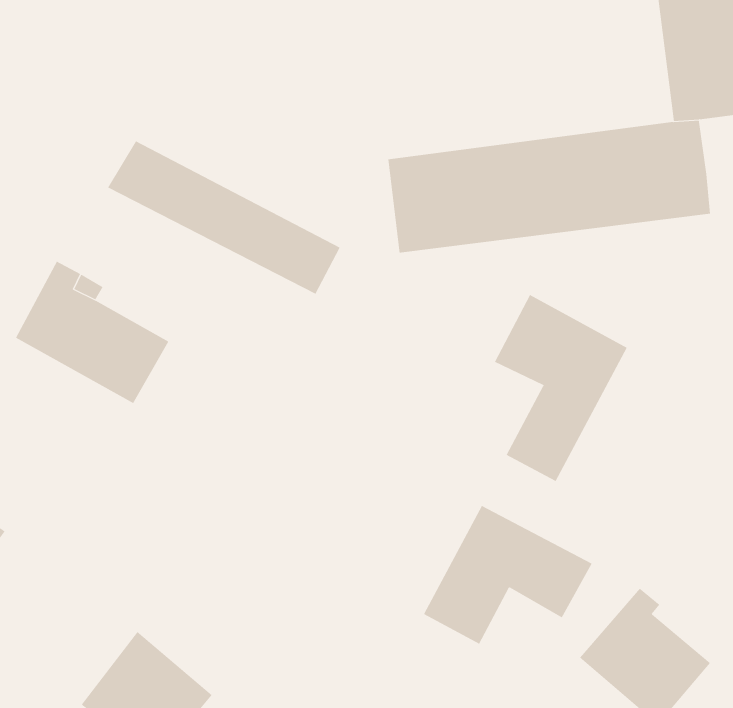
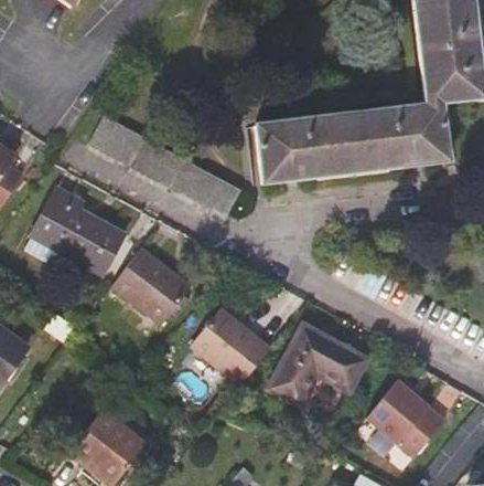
building: [494,294,628,482] -> none
building: none -> [112,244,189,321]
building: none -> [195,309,276,383]

